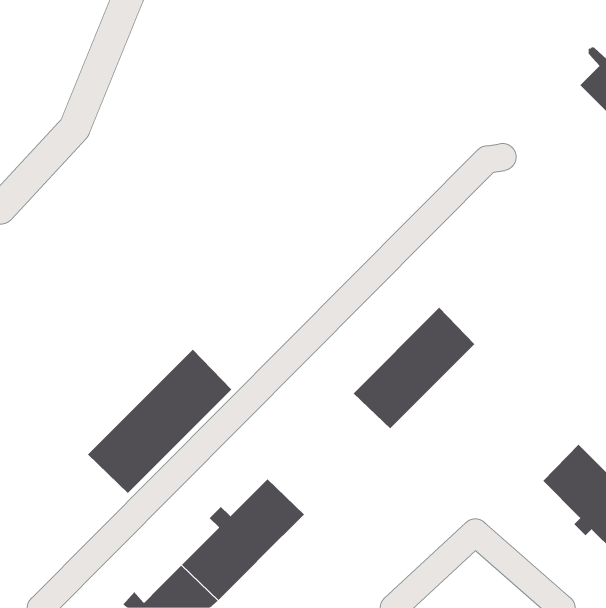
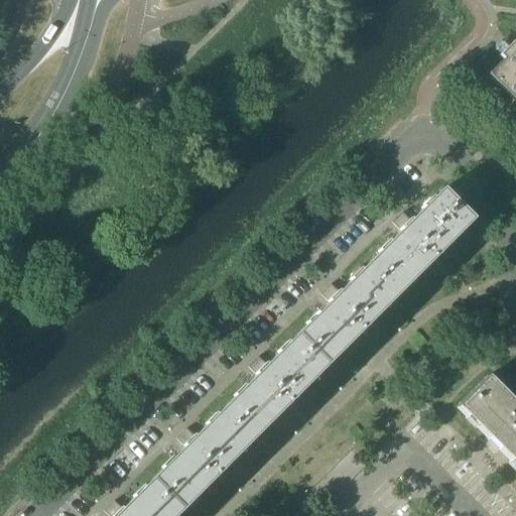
building: none -> [375,186,478,289]
building: [87,349,232,494] -> none
building: none -> [231,331,334,432]

